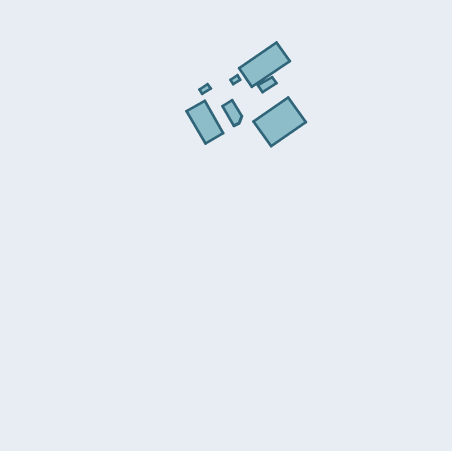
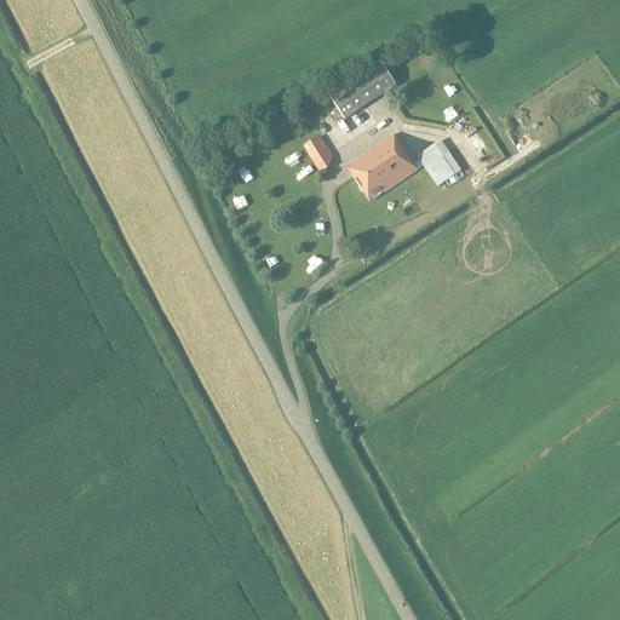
building: [186,101,223,144] -> none
building: none -> [418,139,461,185]

